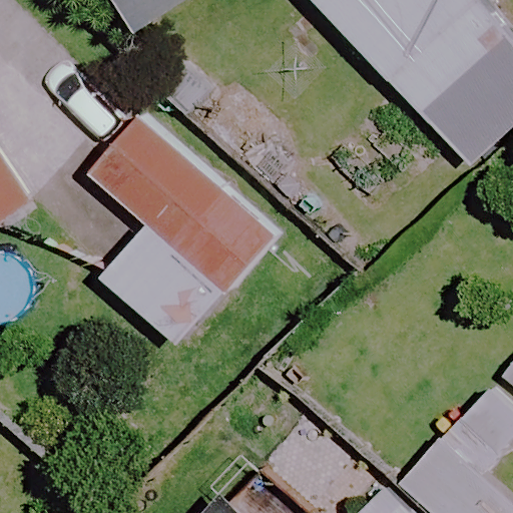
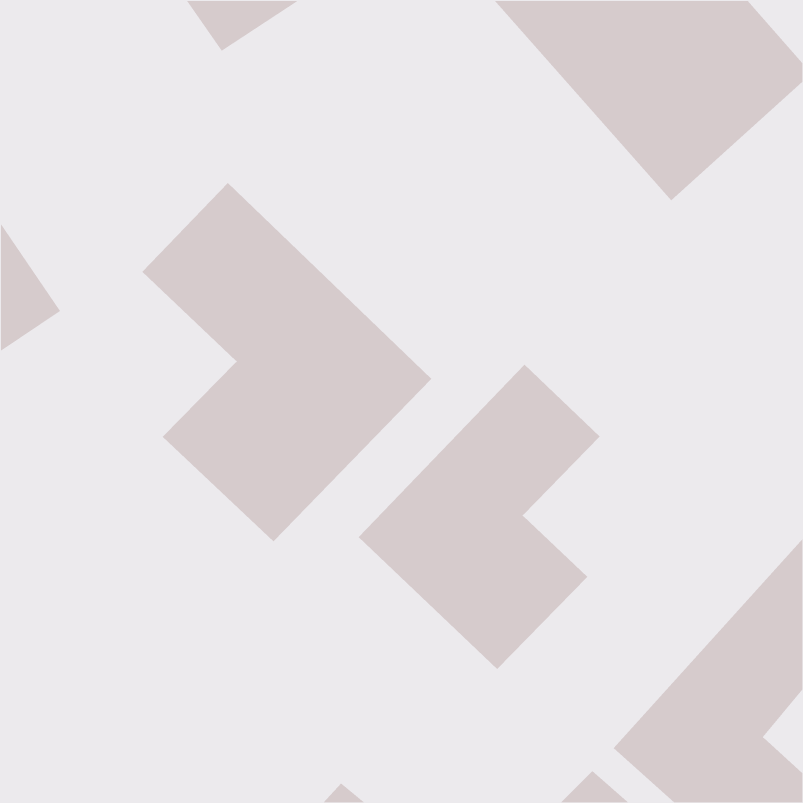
building: none -> [358,364,600,670]

